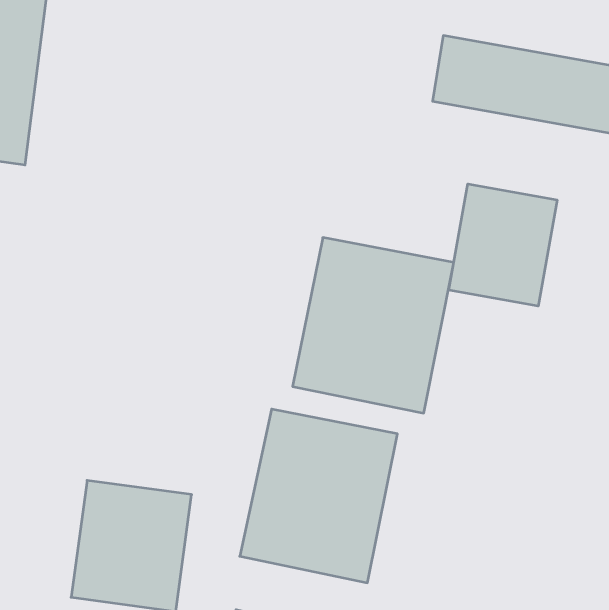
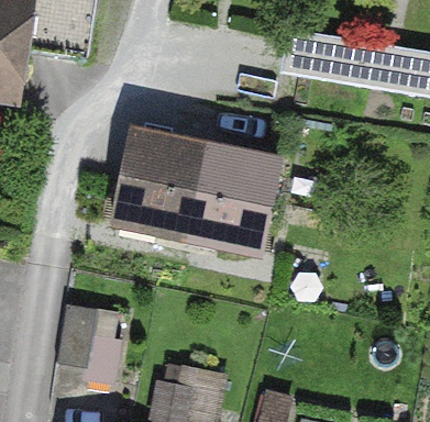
building: [449,184,557,306] -> none
building: [240,409,397,583] -> [117,136,214,244]

